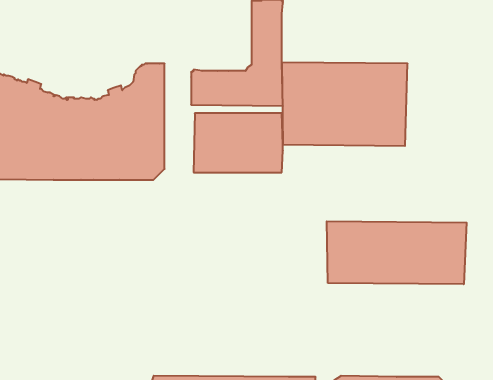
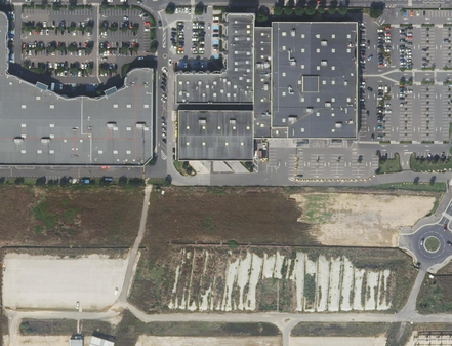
building: none -> [251,21,358,67]
building: [327,221,467,284] -> none

